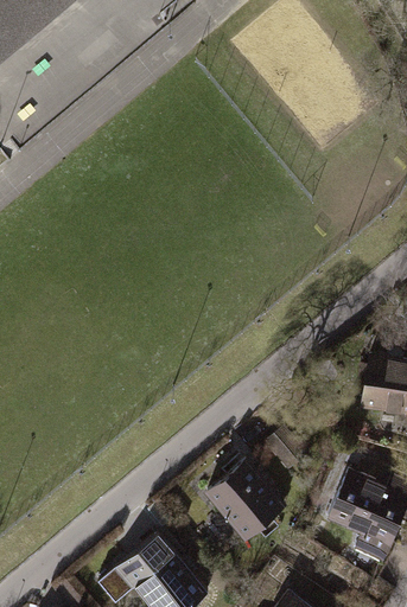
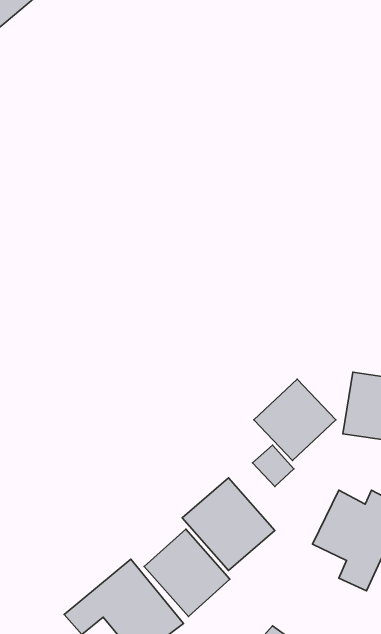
building: none -> [254,379,336,460]
building: none -> [144,529,230,617]

